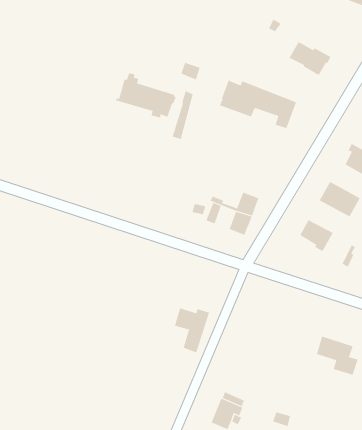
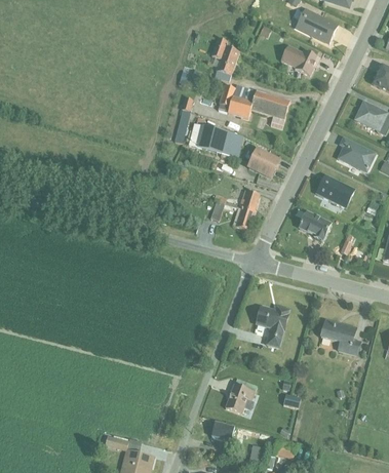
building: none -> [296,8,338,42]
building: none -> [211,36,240,80]
building: [115,73,176,118] -> [187,116,244,157]
building: none -> [246,147,281,179]
building: [174,307,210,353] -> [257,306,289,348]

